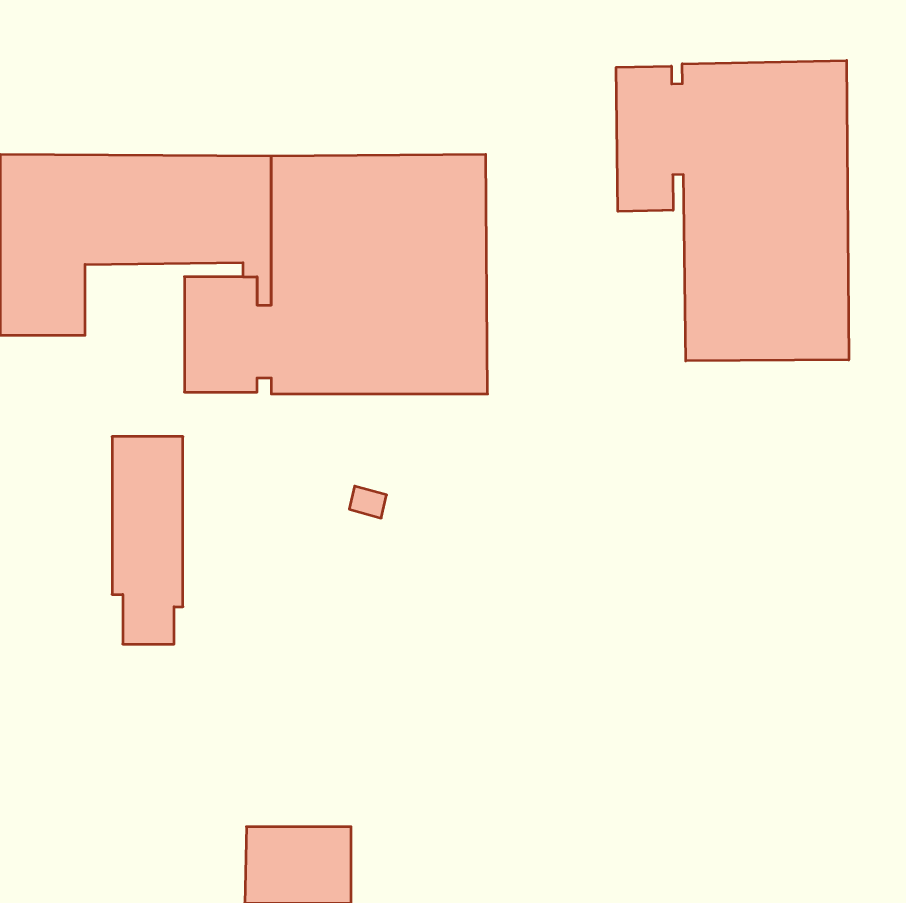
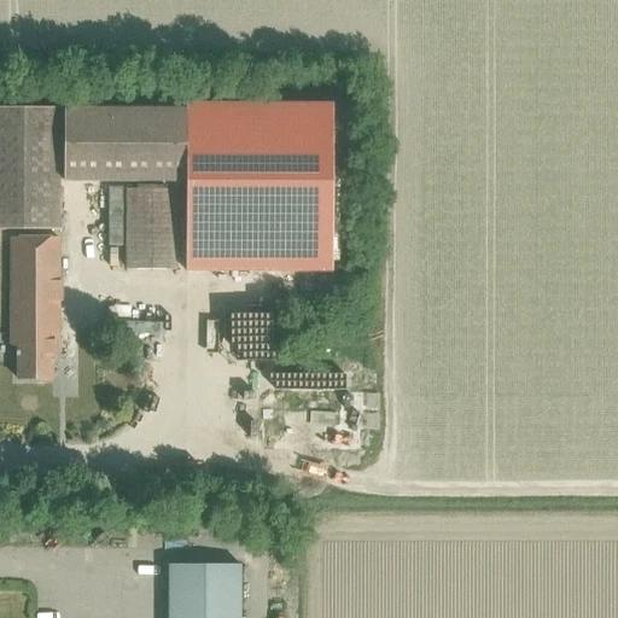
building: [616,60,849,361] -> none
building: [112,437,183,644] -> [10,237,58,378]

